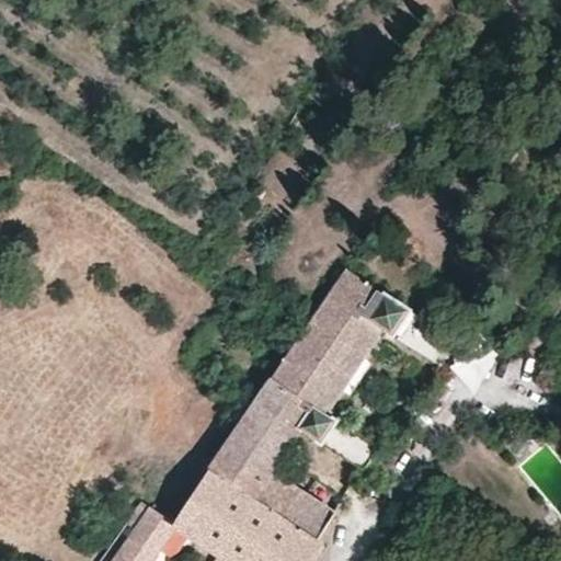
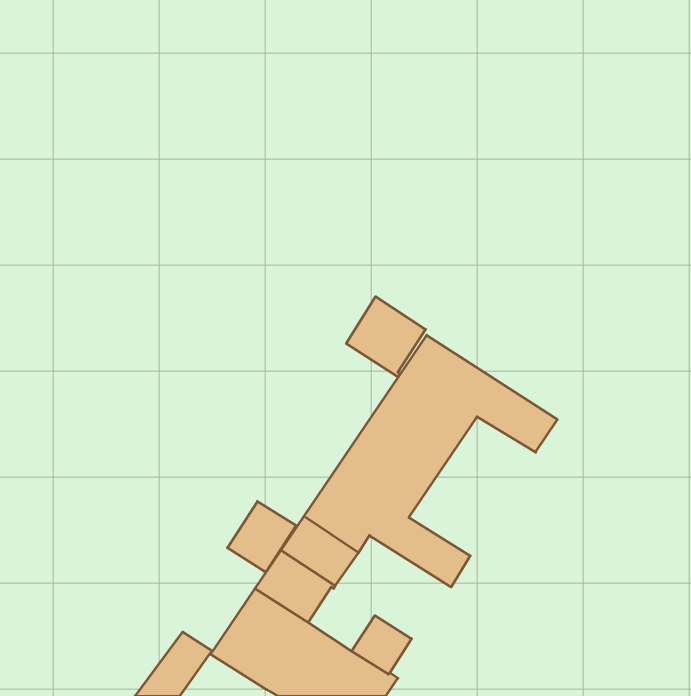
building: none -> [346,297,426,377]
building: none -> [227,501,296,572]
building: [248,472,301,524] -> none

